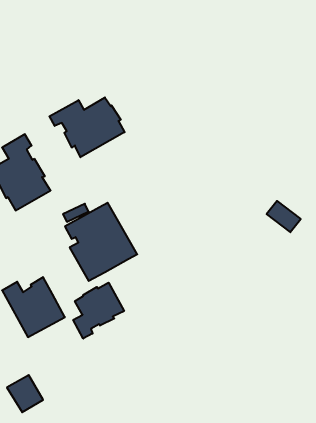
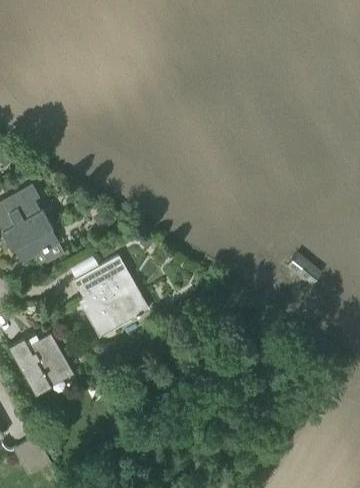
building: [49,97,125,157] -> none
building: [73,283,124,339] -> none

